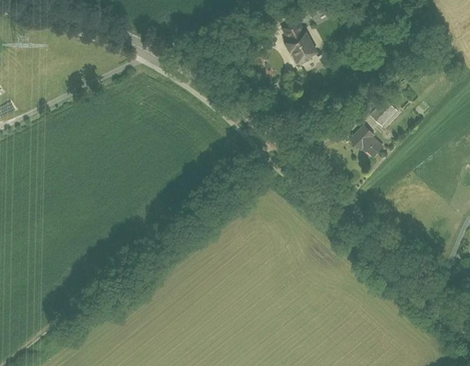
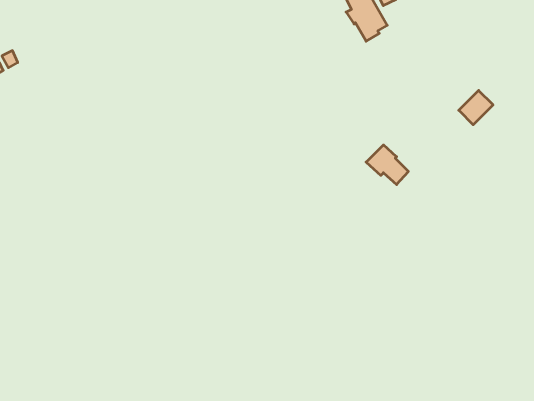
building: [350,125,382,155] -> [366,145,408,185]

